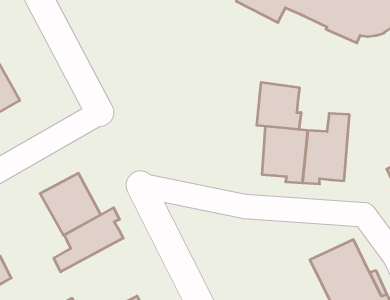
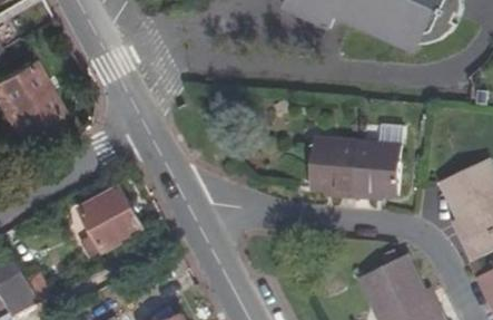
building: [257,82,301,130] -> none
building: [54,208,123,272] -> none

